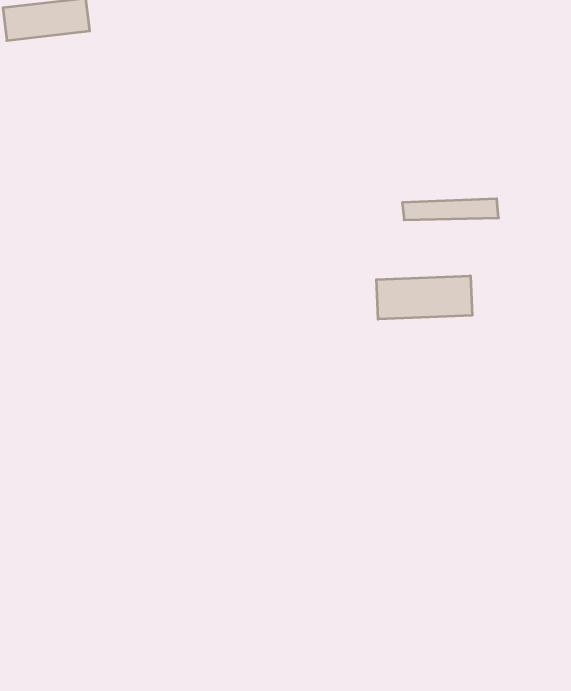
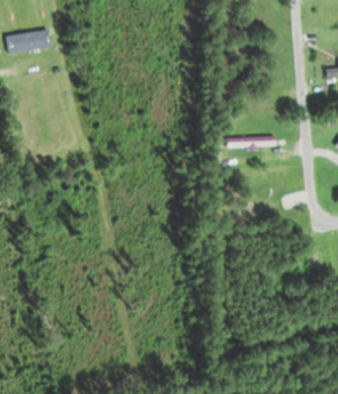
building: [376,276,472,319] -> none

